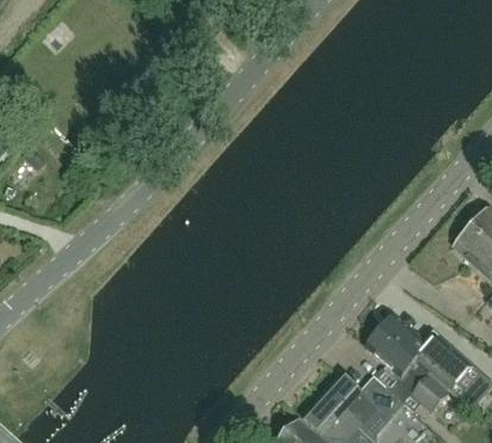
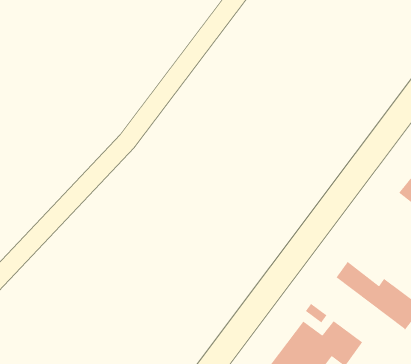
building: [364,331,448,412] -> none

